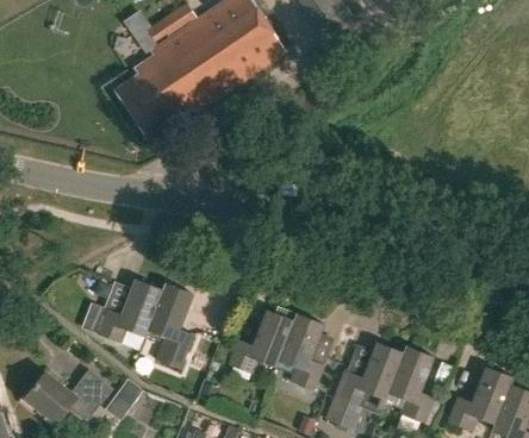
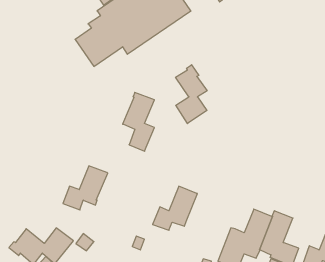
building: none -> [176,65,207,124]
building: [147,283,193,369] -> [123,92,154,151]
building: [278,313,324,390] -> none

